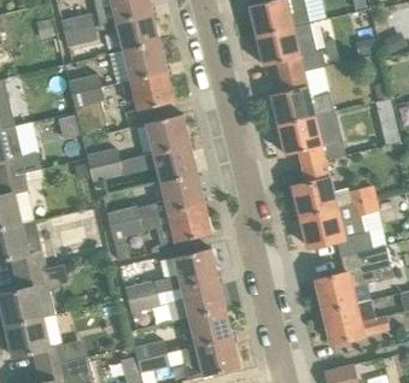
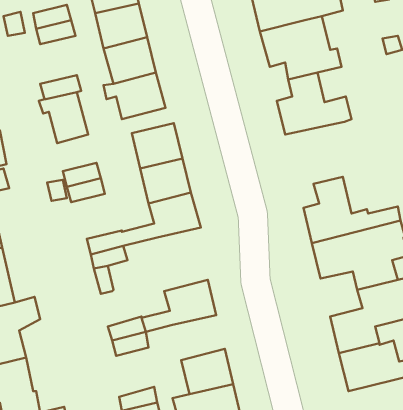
building: [276,113,338,166] -> none
building: [166,204,211,242] -> none
building: [180,278,224,317] -> none

